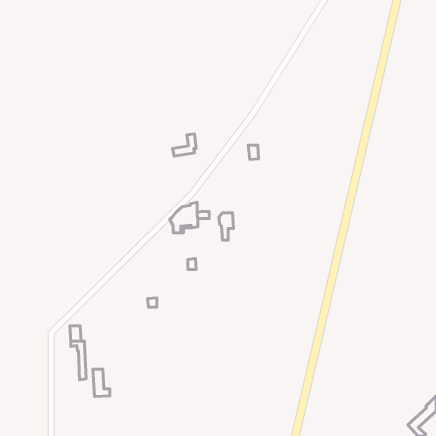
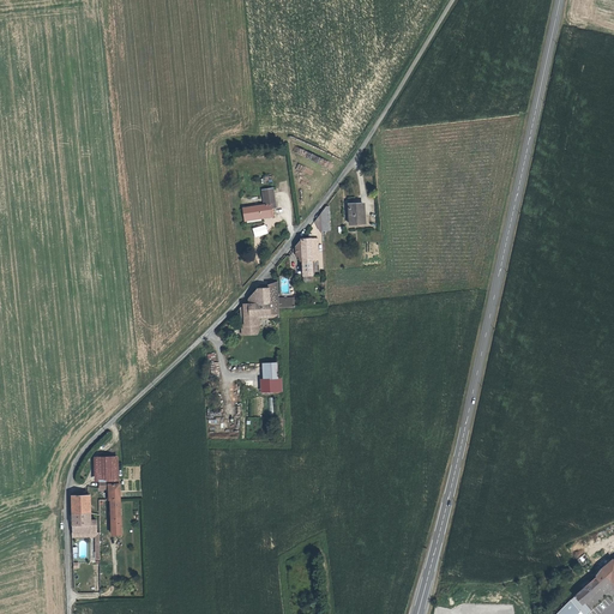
building: [219,213,233,240] -> [297,240,318,278]
building: [93,369,110,397] -> [72,493,96,531]

